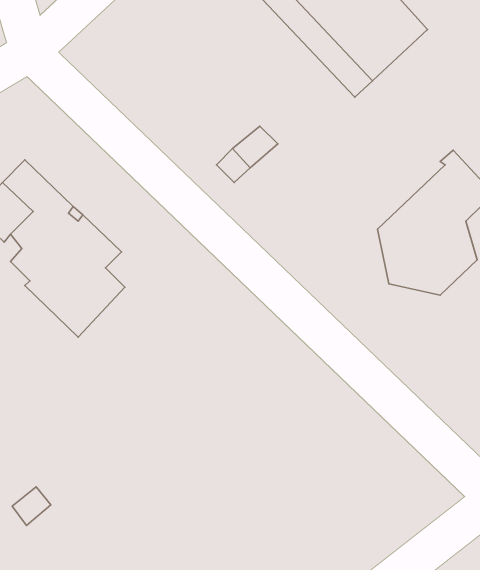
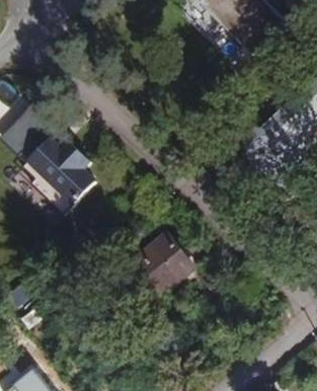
building: none -> [131,233,197,300]

